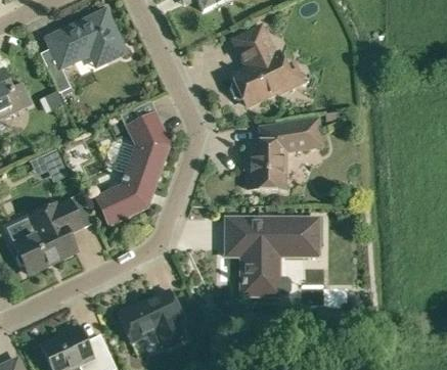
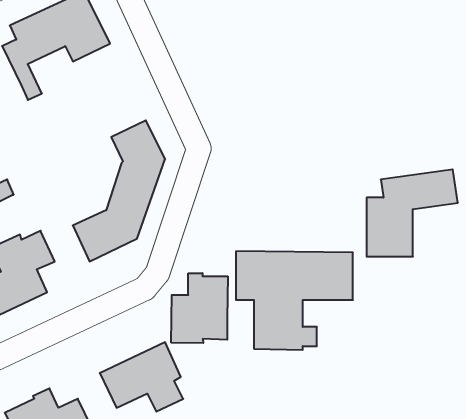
building: [230,26,306,104] -> none
building: [249,119,321,188] -> [367,169,458,257]
building: none -> [171,273,228,343]

